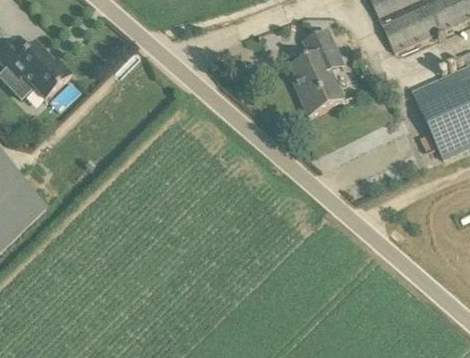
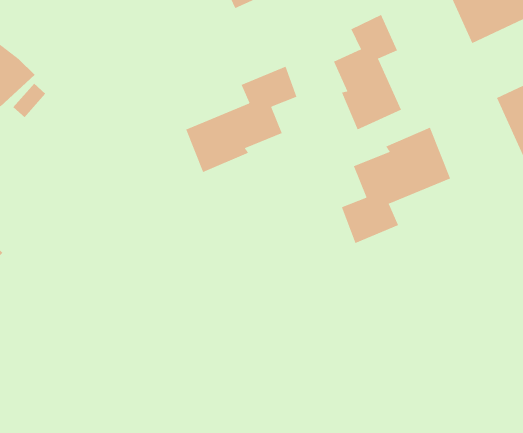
building: none -> [186,66,297,173]
building: none -> [341,127,451,244]

